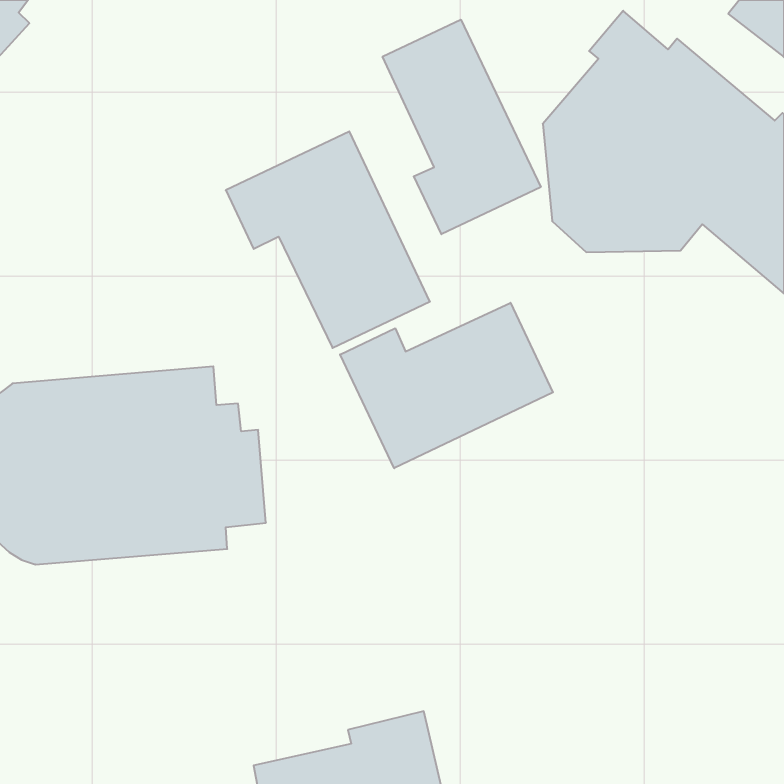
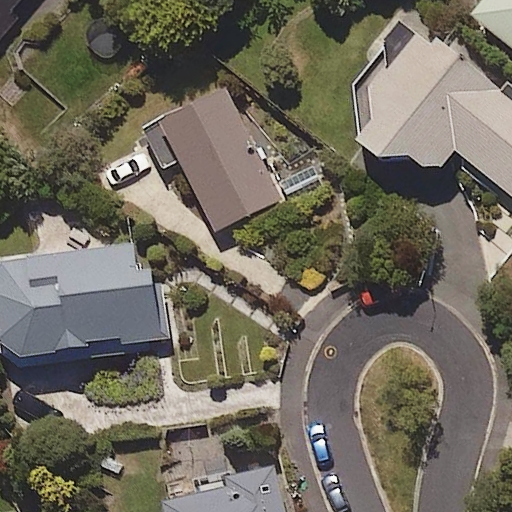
building: [383,20,541,234] -> none
building: [340,303,553,468] -> none

